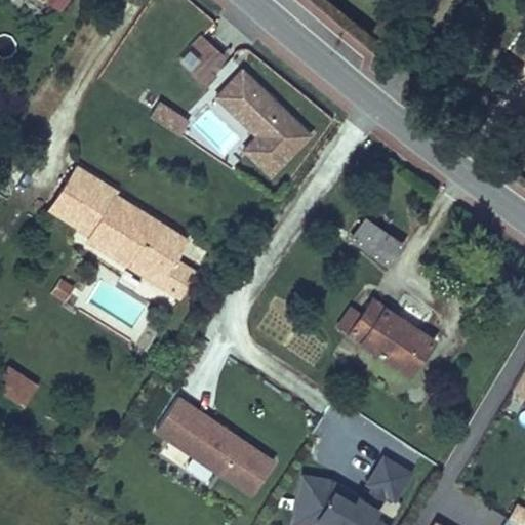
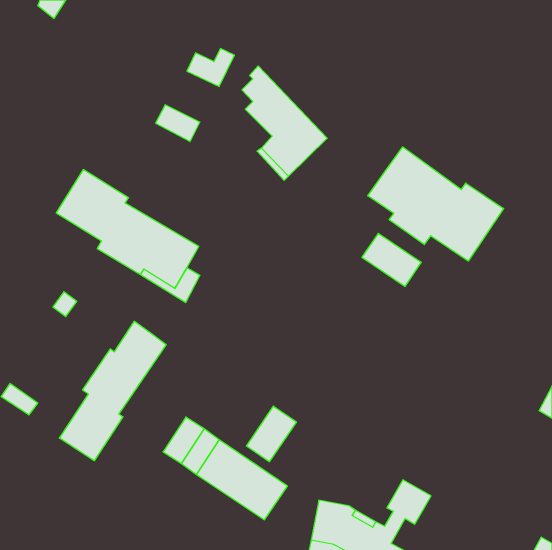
building: none -> [368,147,504,261]
building: [332,301,433,383] -> none
building: none -> [59,321,166,461]
building: none -> [246,406,296,462]

